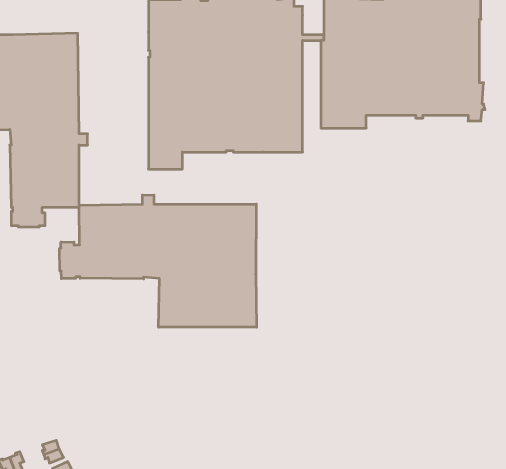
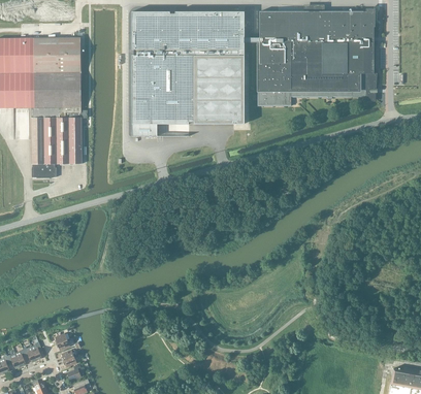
building: [60,195,257,327] -> none

